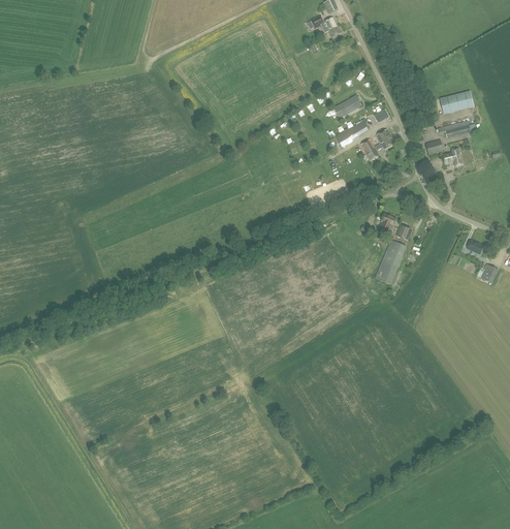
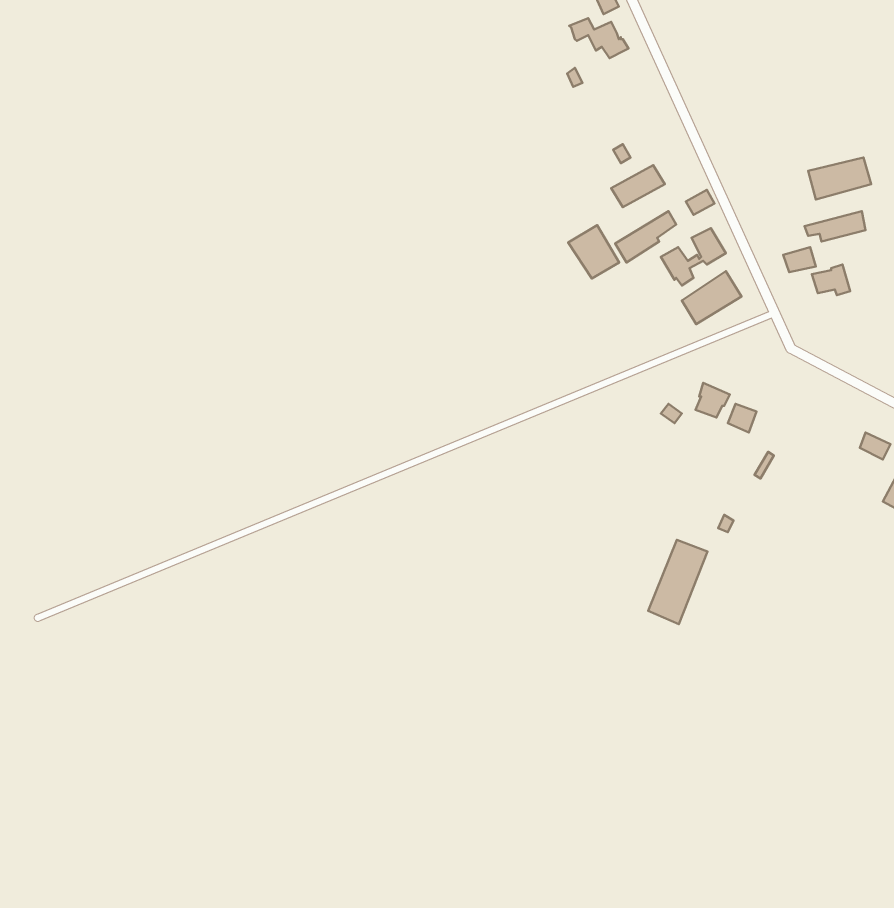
building: none -> [568,225,619,278]
building: none -> [682,271,742,324]
building: [374,240,406,285] -> [648,540,708,624]

